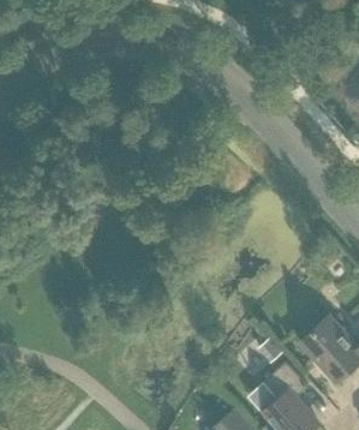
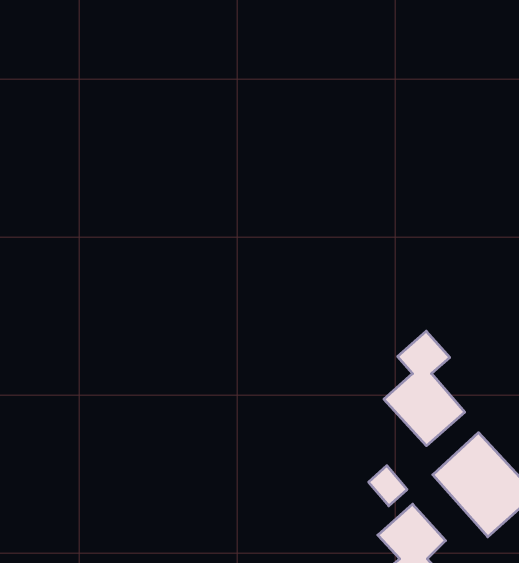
building: none -> [384,331,465,446]

